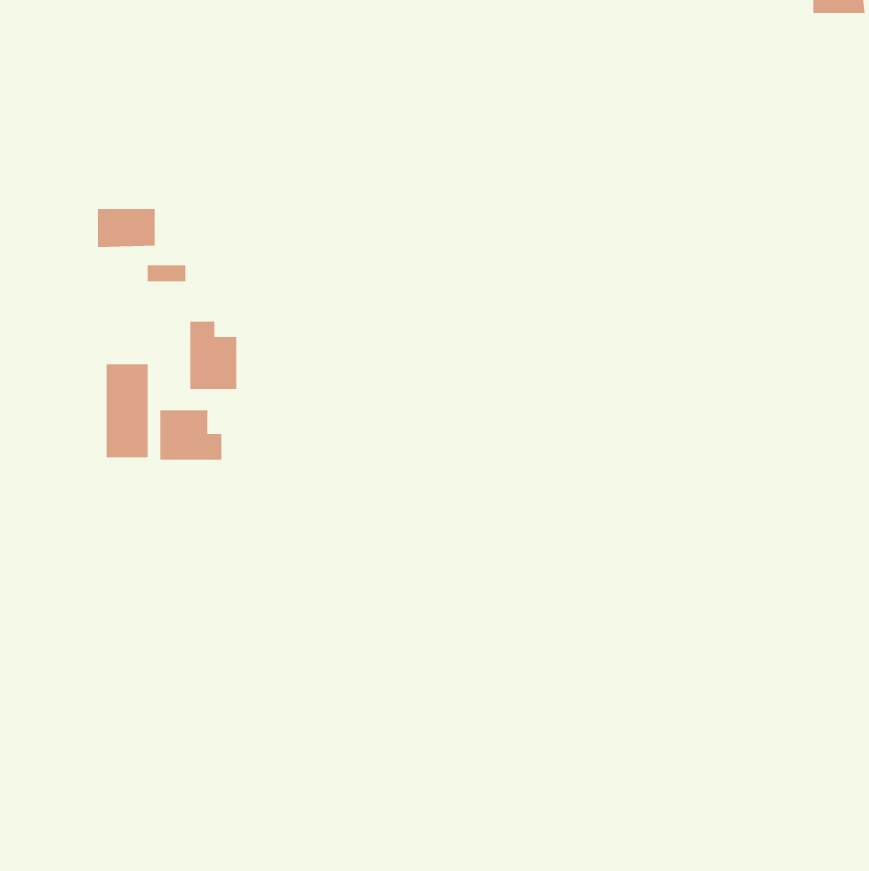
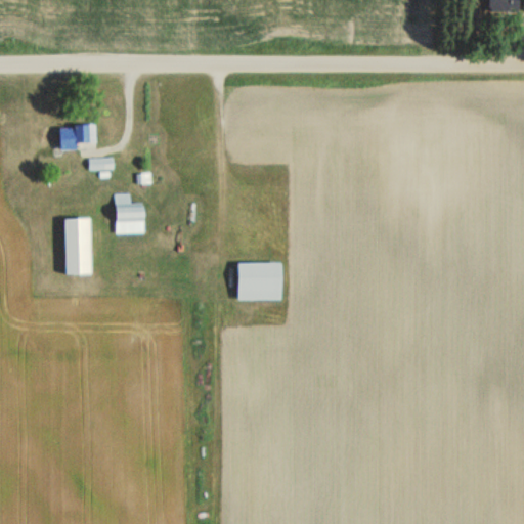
building: [160,410,222,461] -> none
building: none -> [237,263,281,300]

